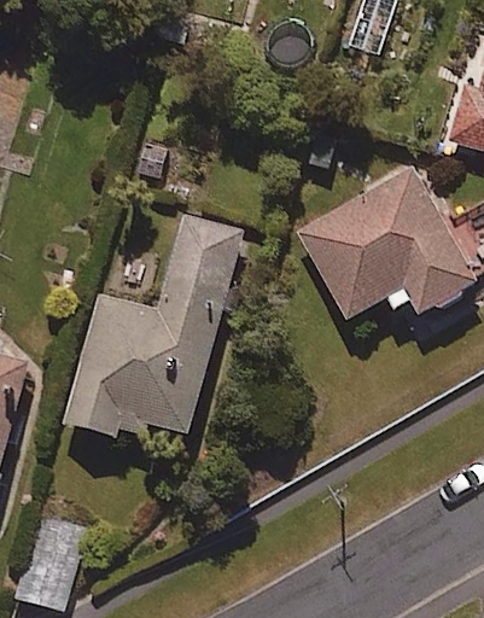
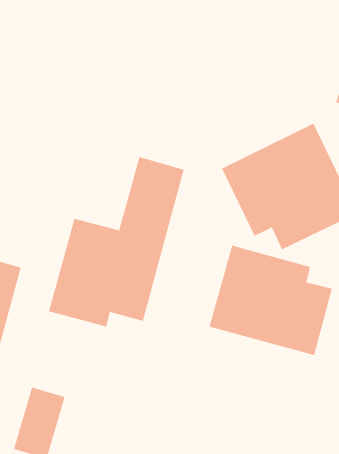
building: none -> [209,245,332,356]

